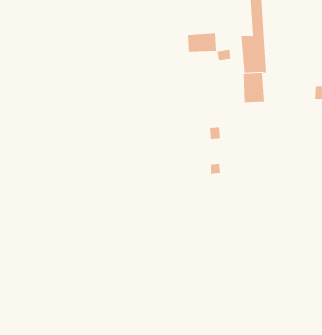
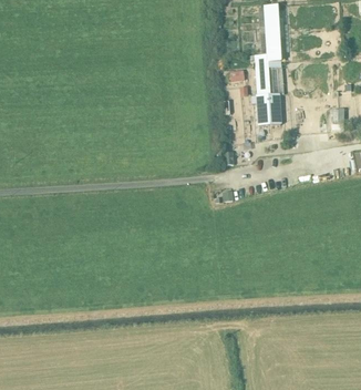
building: [188,32,217,53] -> none

